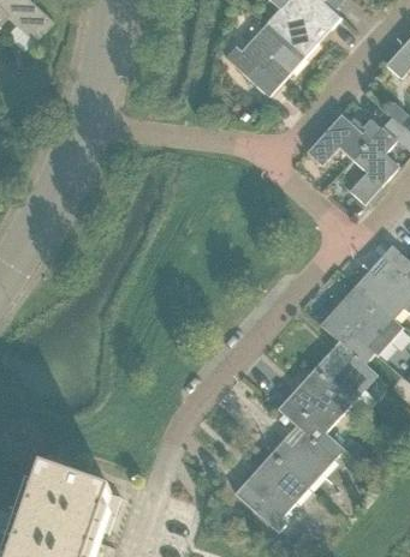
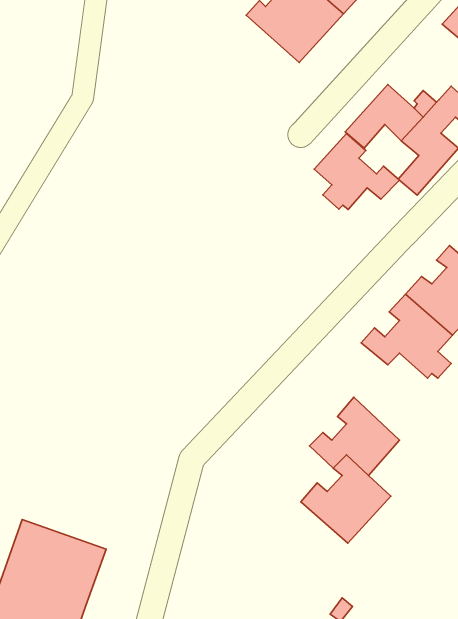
building: none -> [314,134,399,210]
building: [314,331,378,402] -> none
building: [236,453,309,531] -> none

